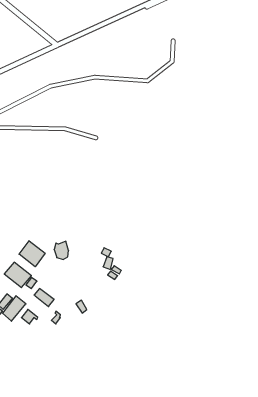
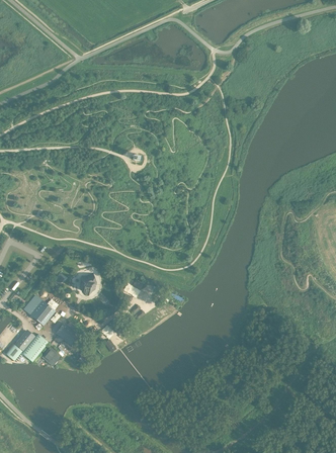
building: [19,241,45,267] -> none

